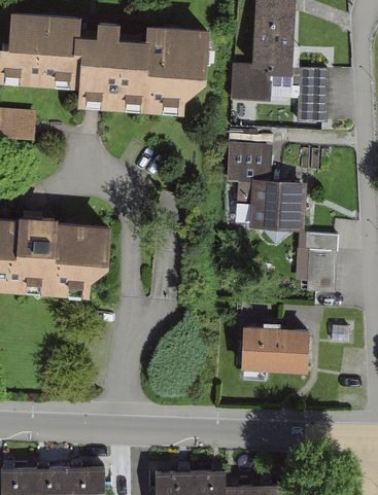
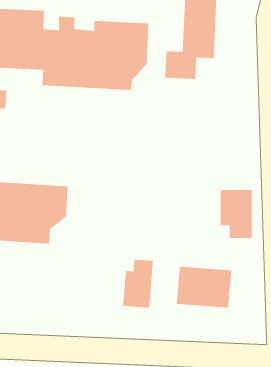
building: [296,67,328,122] -> none
building: [226,142,305,229] -> none
building: none -> [122,259,154,309]

